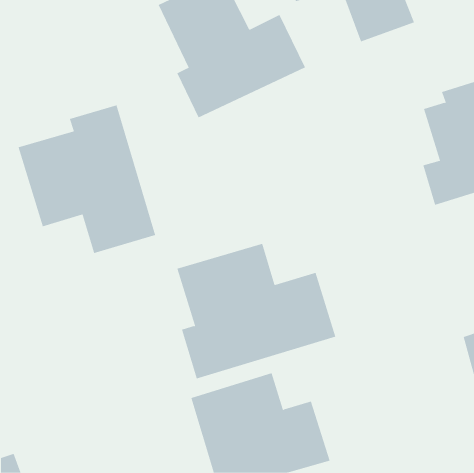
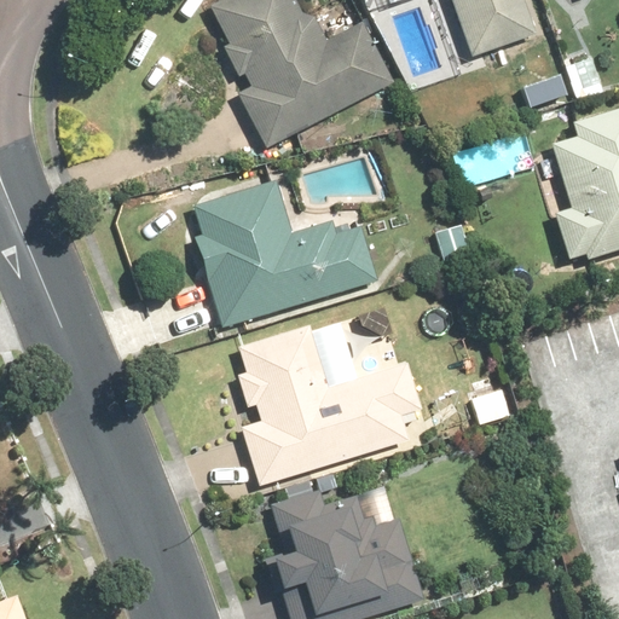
building: [18,105,156,254] -> none
building: none -> [185,177,380,328]

